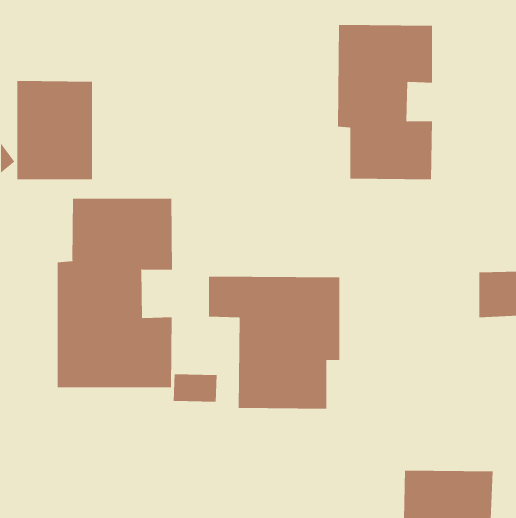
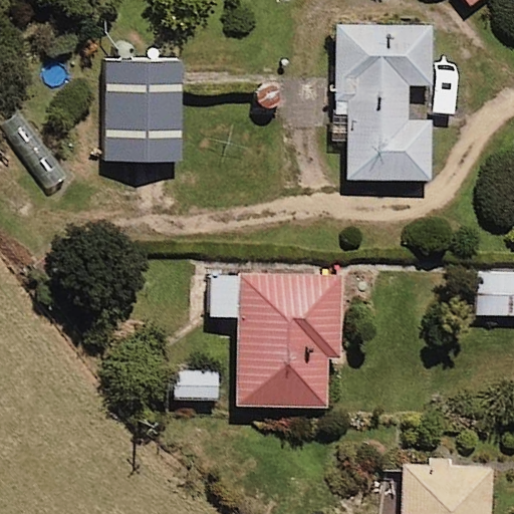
building: [17,80,93,180] -> [105,61,181,160]
building: [57,198,172,388] -> none

